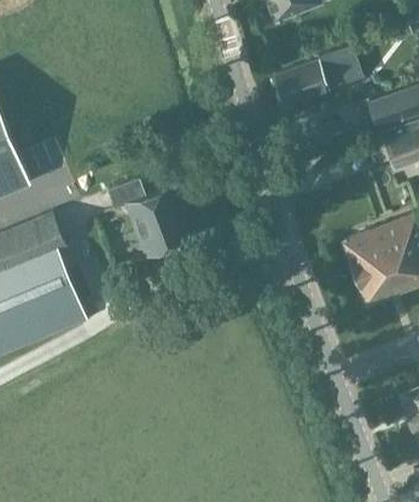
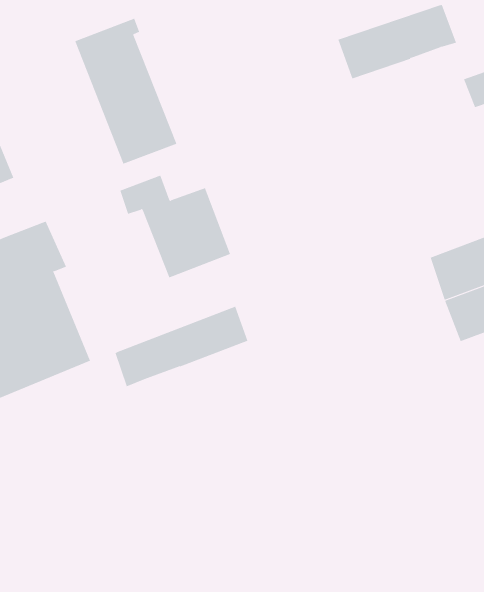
building: none -> [75,18,177,164]
building: none -> [115,306,248,387]

